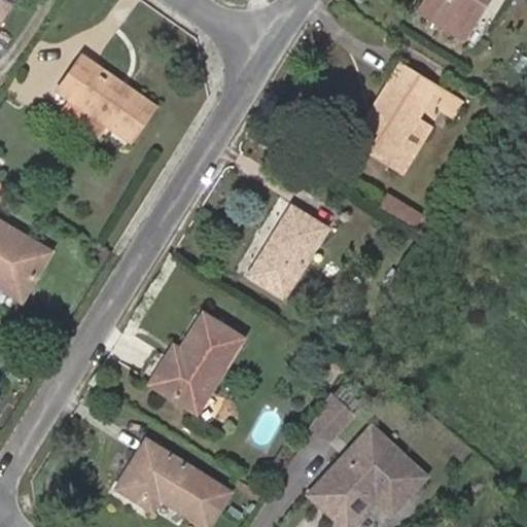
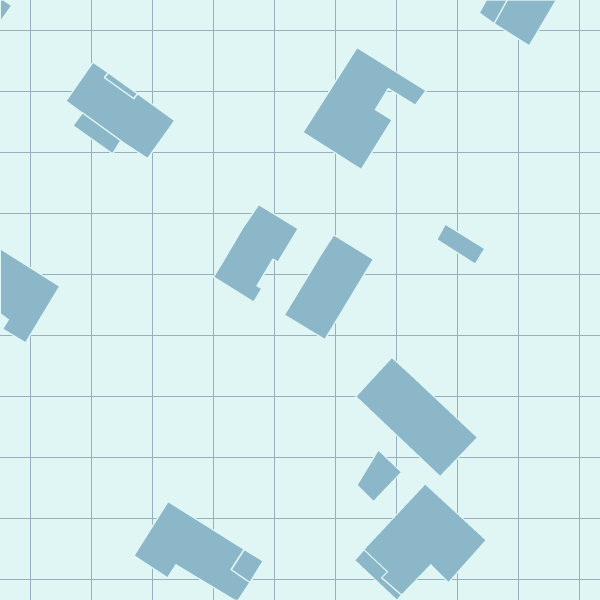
building: [354,65,462,172] -> [303,48,426,170]
building: none -> [213,205,298,302]
building: [151,313,243,411] -> none
building: none -> [356,358,477,476]

